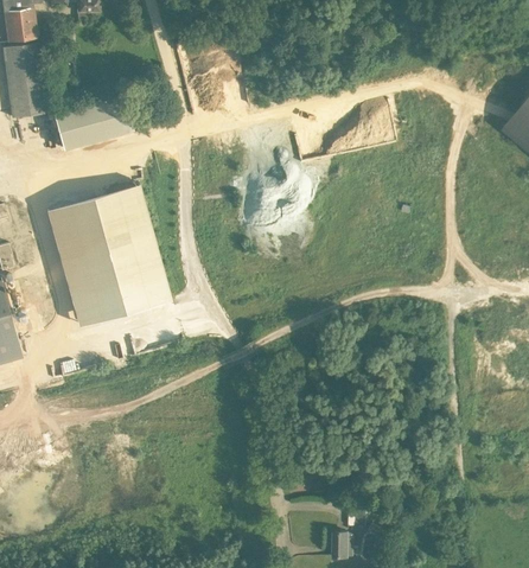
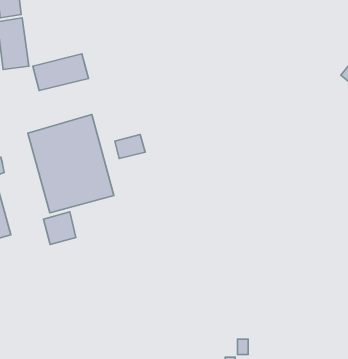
building: none -> [115,134,145,159]
building: none -> [43,212,76,244]

